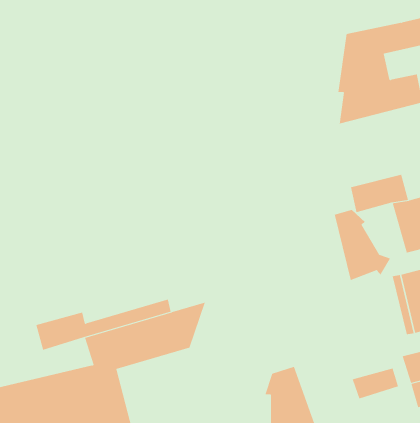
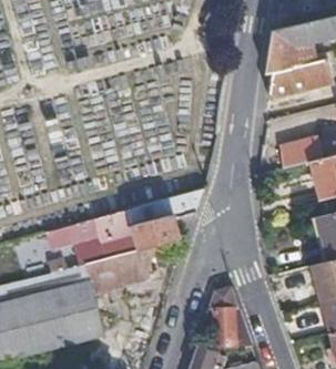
building: [334,209,391,281] -> none
building: none -> [71,189,203,244]

